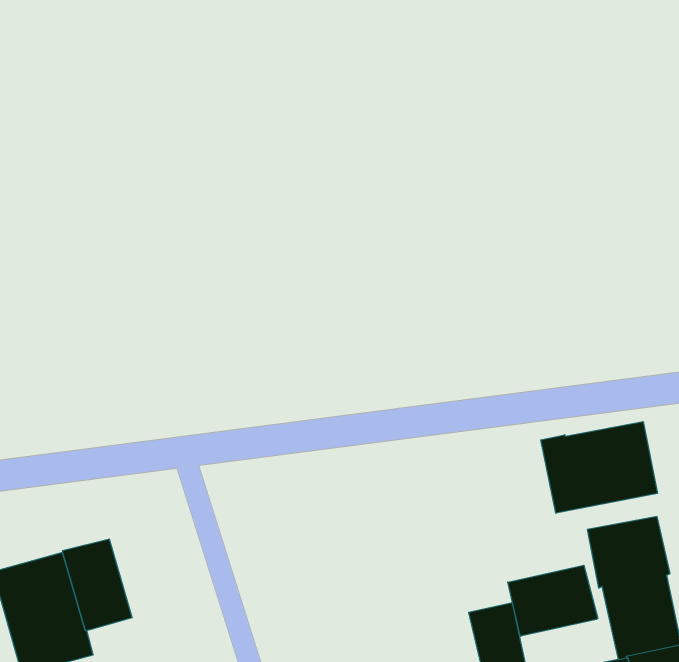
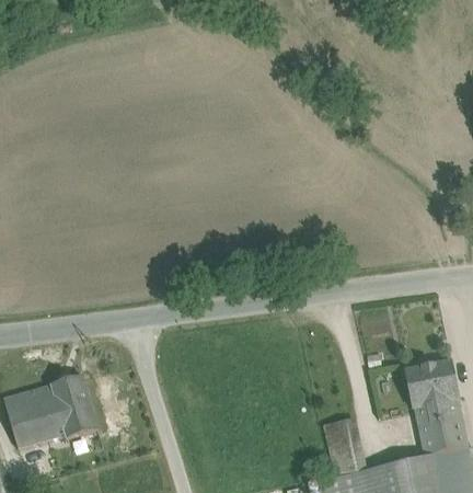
building: [541,422,657,513] -> none
building: [508,565,598,636] -> none

